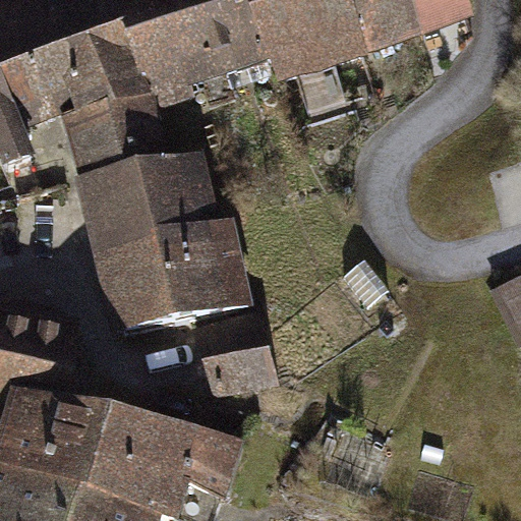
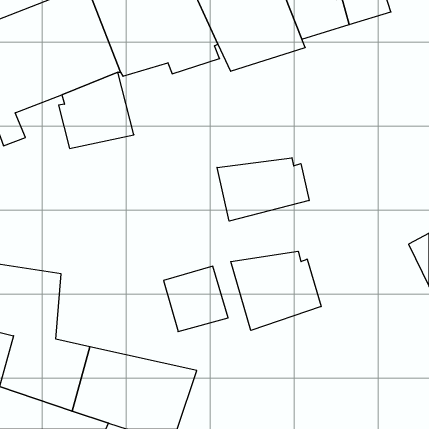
building: [85,164,241,337] -> none
building: none -> [217,158,309,221]
building: none -> [231,251,321,330]

